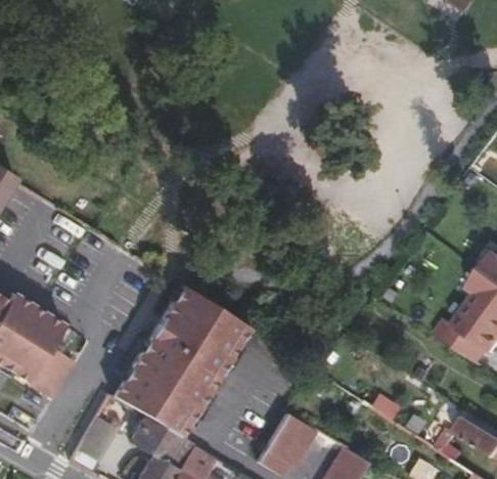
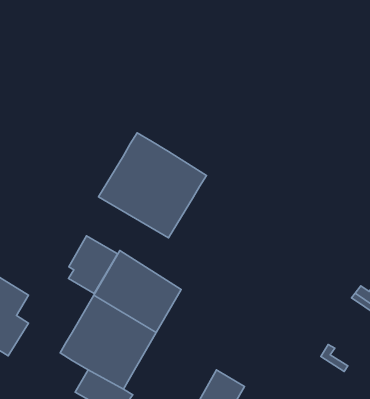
building: none -> [99,133,207,238]
building: none -> [69,236,118,294]

